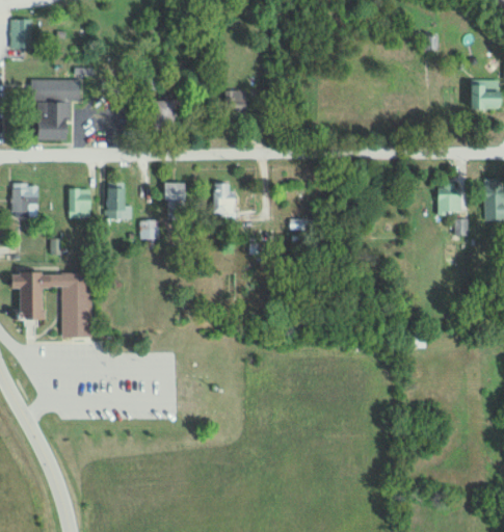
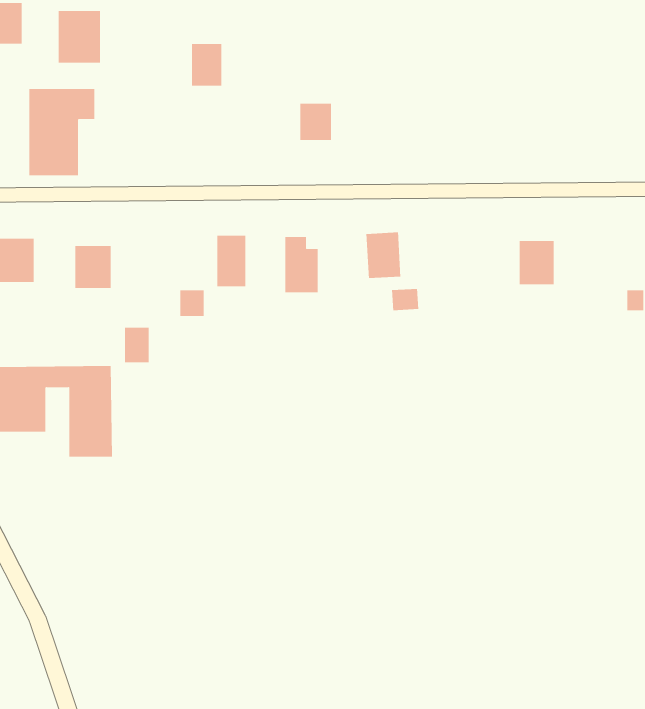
building: none -> [58,10,101,64]
building: [155,101,177,131] -> [191,43,222,86]
building: none -> [366,232,401,279]
building: [437,184,462,215] -> [519,240,555,285]
building: [106,187,124,212] -> [124,327,149,363]

